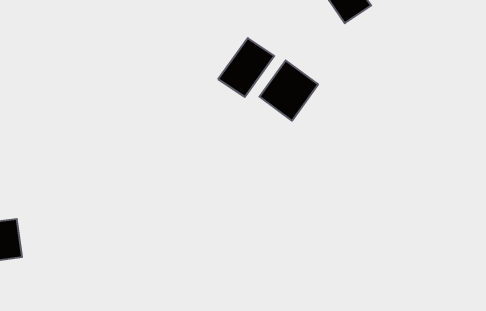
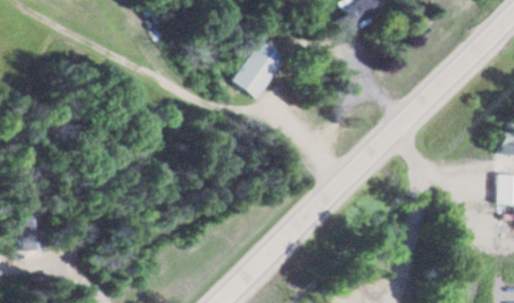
building: [259,60,318,121] -> none

